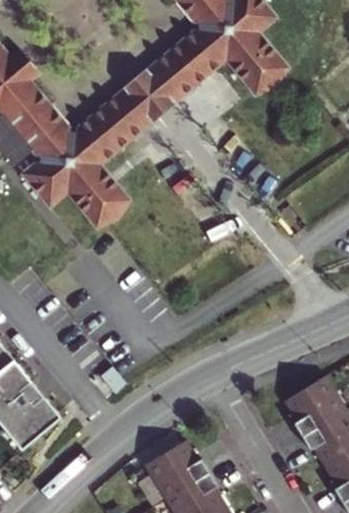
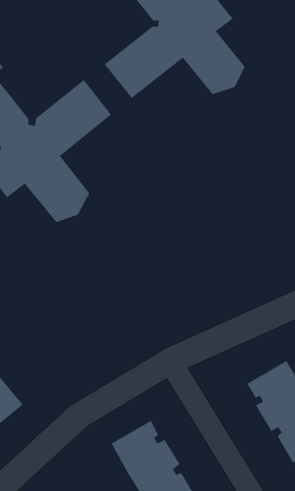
building: [121,68,170,120] -> none

